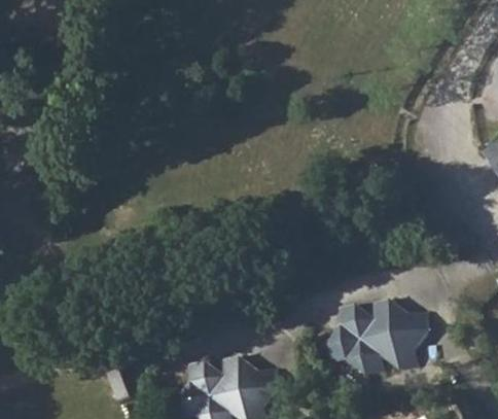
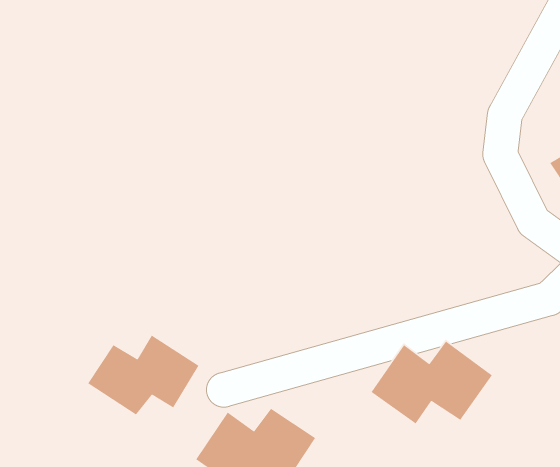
building: none -> [87,334,200,416]

